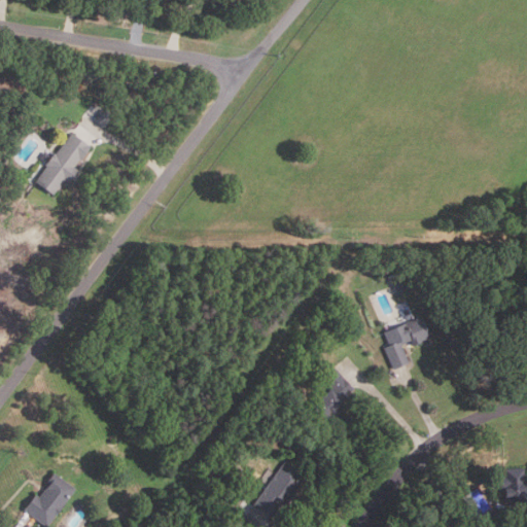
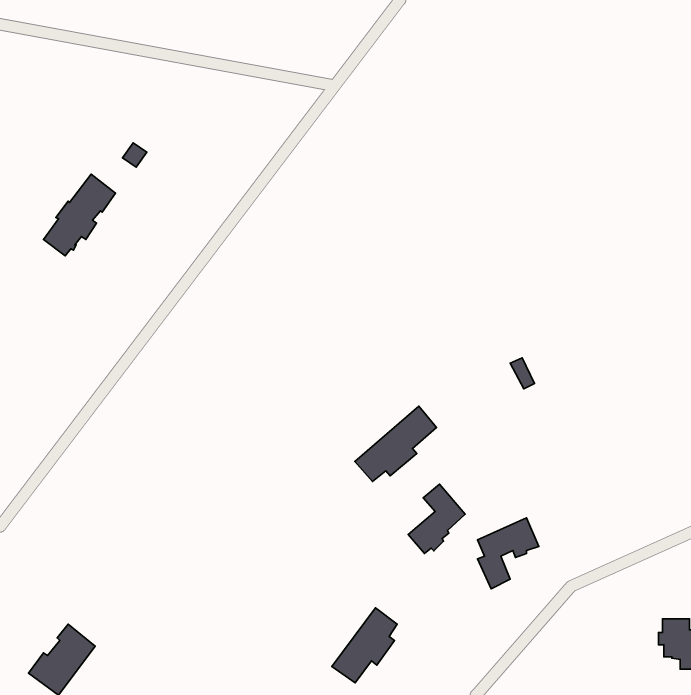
building: none -> [355,406,436,482]
building: [385,316,431,370] -> [478,518,539,589]

